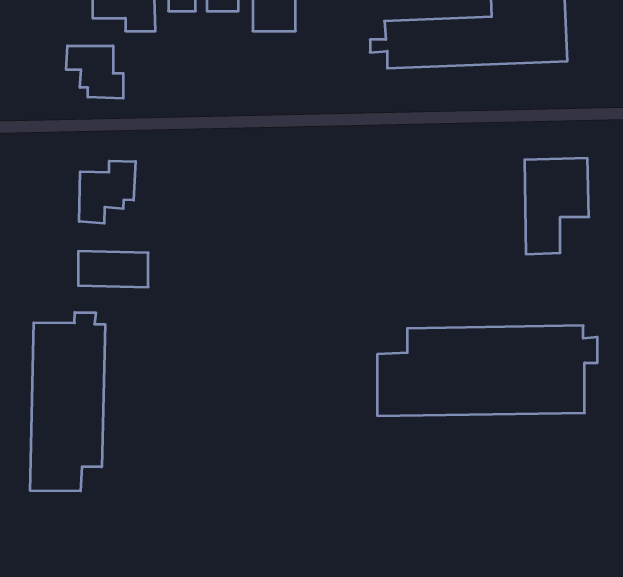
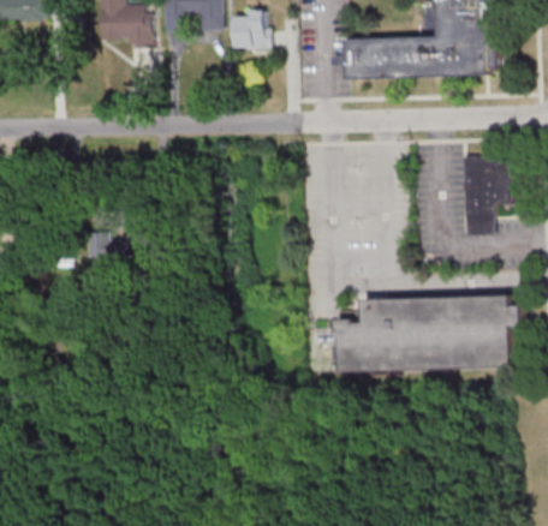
building: [66,46,123,98] -> none
building: [79,161,136,223] -> none
building: [30,312,105,491] -> none

